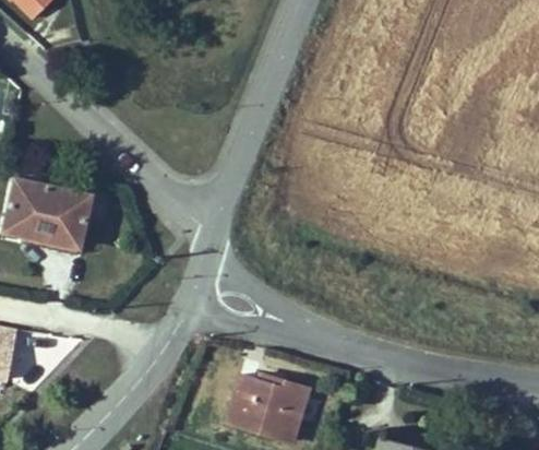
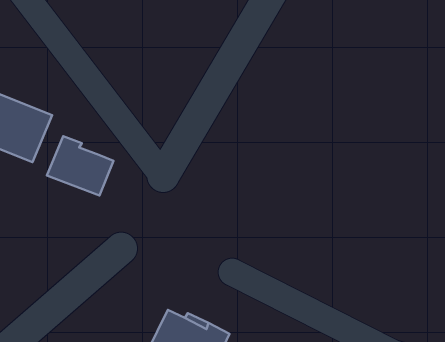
building: none -> [47,136,113,195]

